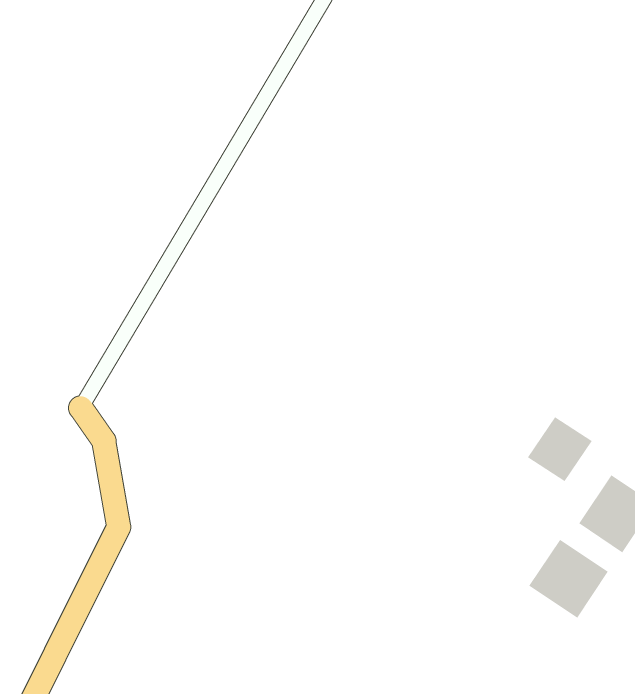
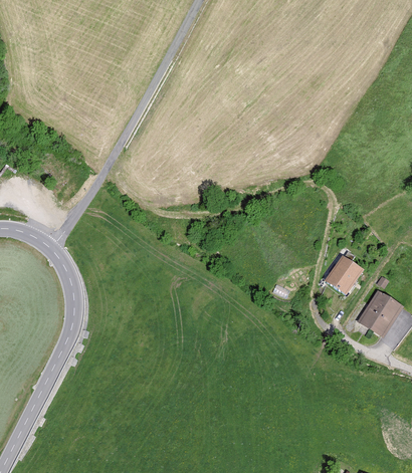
building: [528,539,609,619] -> none

